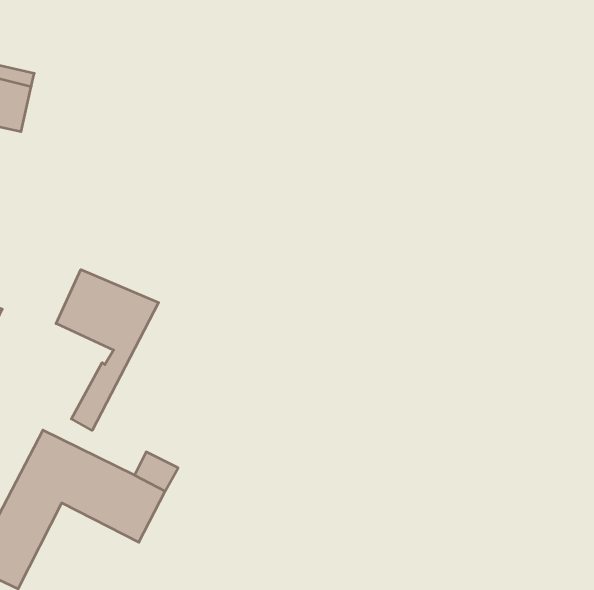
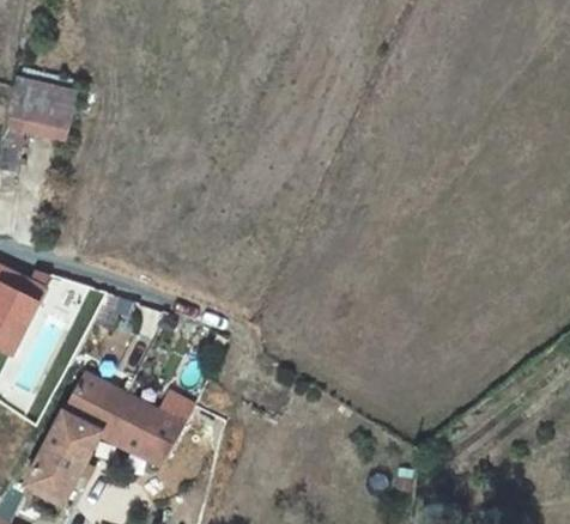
building: [56,270,159,430] -> none

